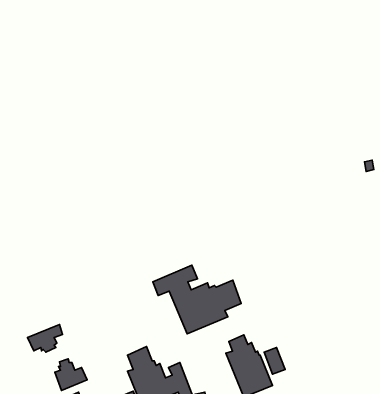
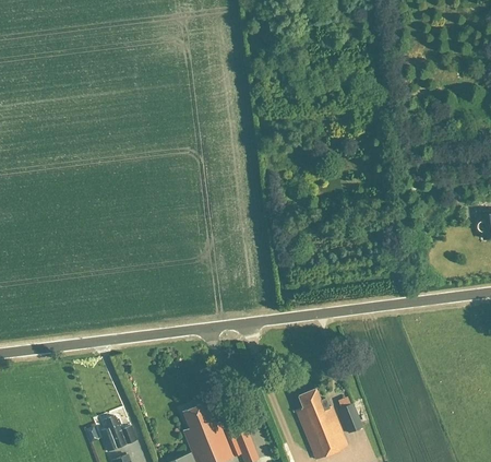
building: [153,265,241,334] -> none
building: [28,325,63,352] -> none

